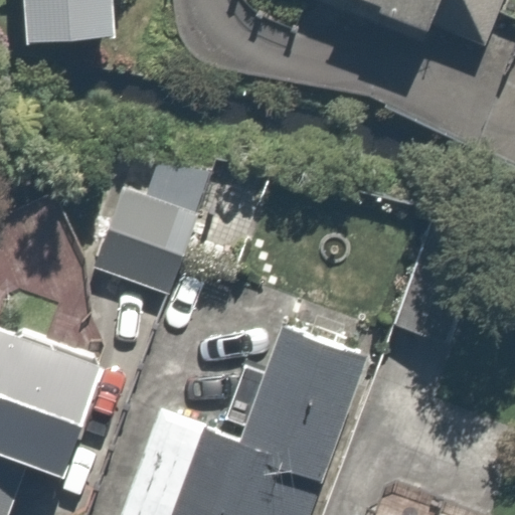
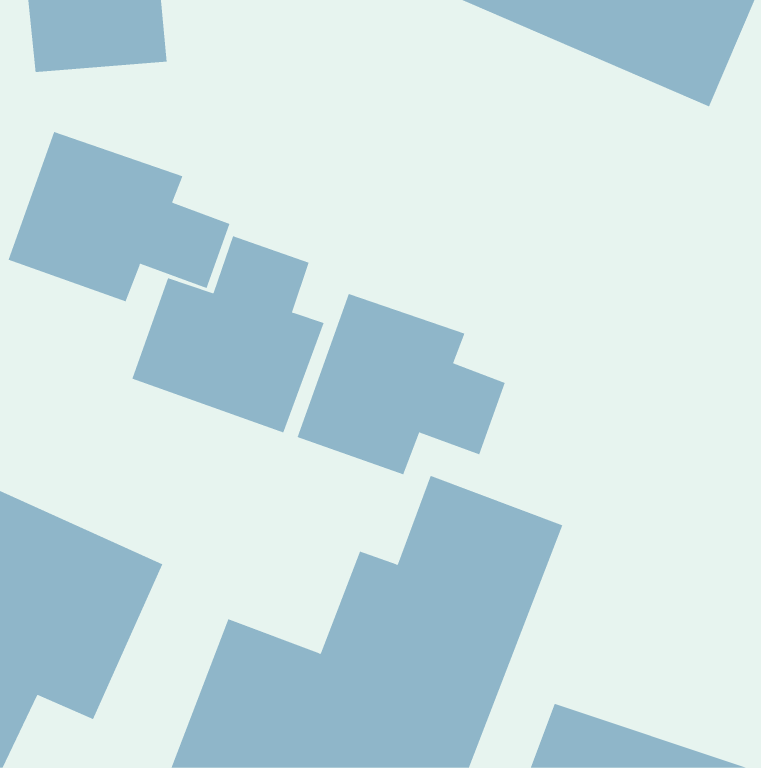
building: none -> [8,131,230,302]
building: none -> [297,293,506,475]

